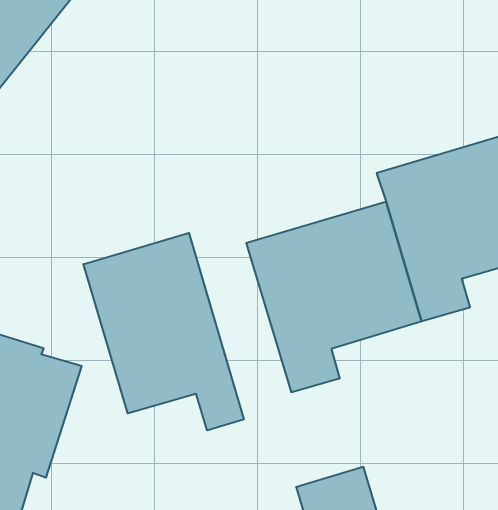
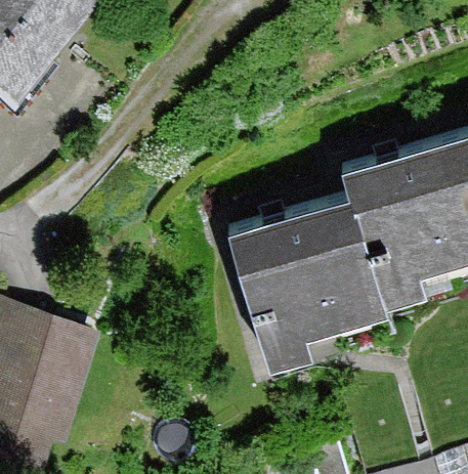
building: [83,233,244,430] -> none

